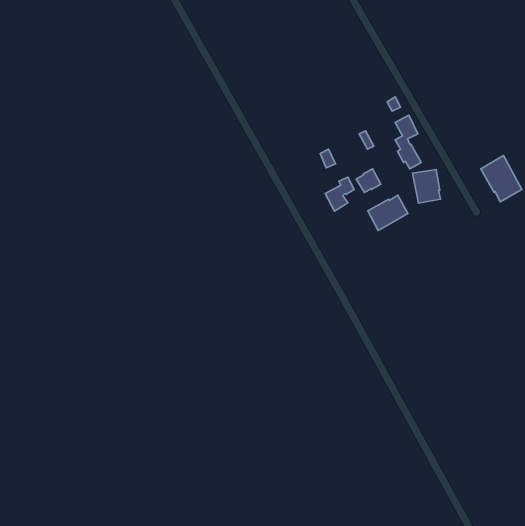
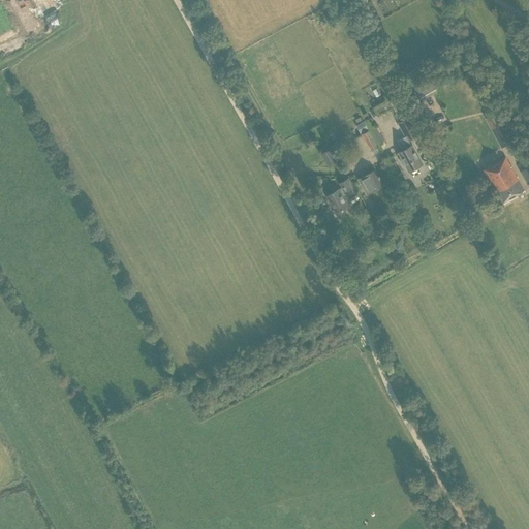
building: [412,169,441,203] -> none
building: [368,195,408,231] -> none

